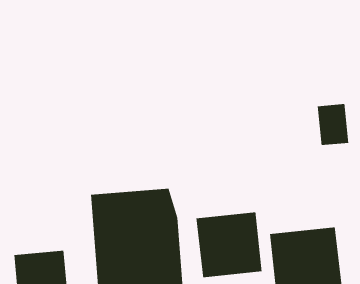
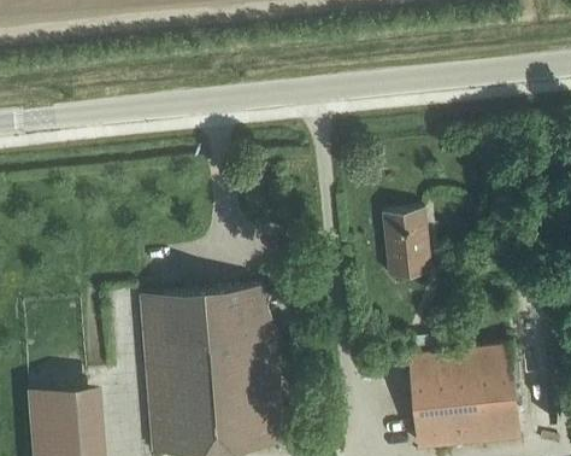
building: [317,104,349,146] -> [381,212,429,275]
building: [196,211,262,278] -> none

